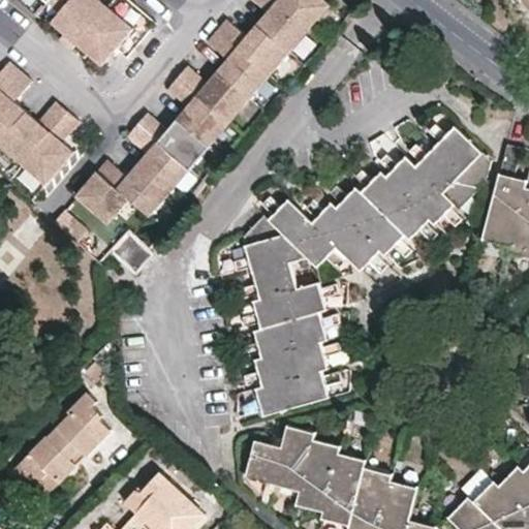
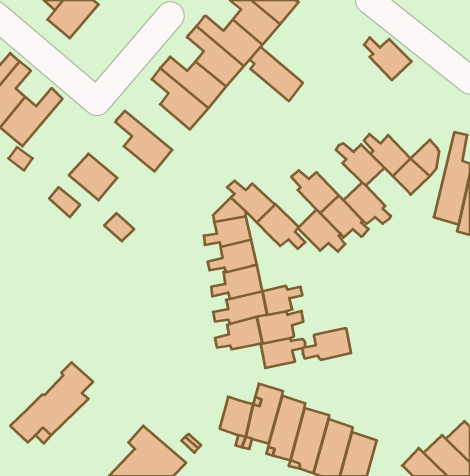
building: [77,5,136,64] -> none
building: none -> [249,47,303,101]
building: [25,110,81,181] -> none
building: [138,111,211,166] -> none
building: [425,128,477,176] -> [364,37,412,80]
building: [98,158,172,214] -> none
building: [348,175,402,222] -> none
building: [406,186,458,231] -> none
building: [298,205,351,252] -> none
building: [285,286,334,323] -> none
building: [240,381,294,415] -> [302,329,351,359]

